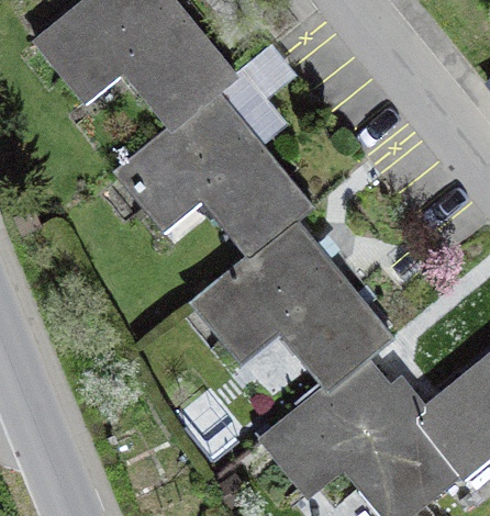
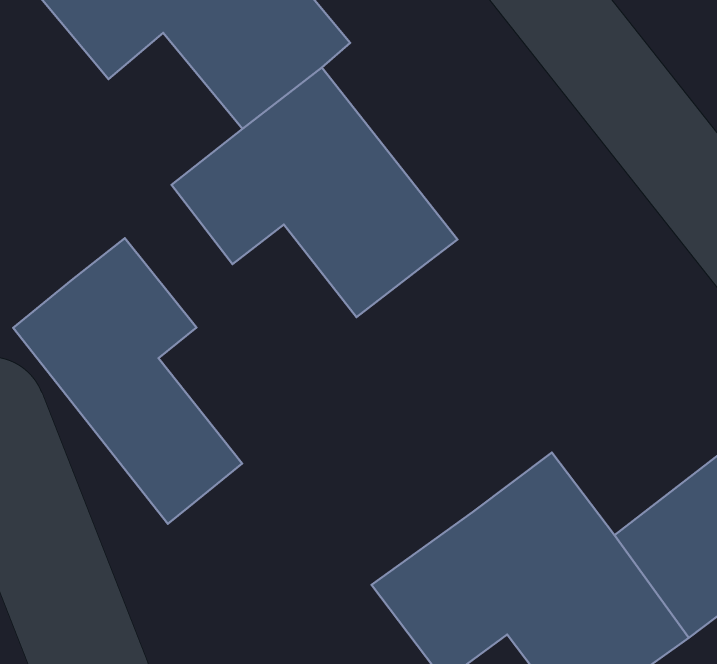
building: none -> [13,238,242,524]
building: [191,223,389,390] -> none

